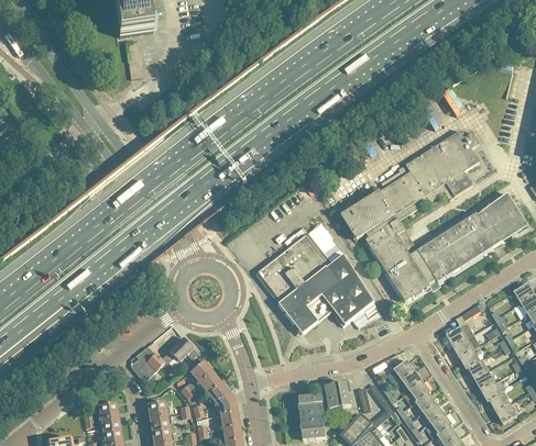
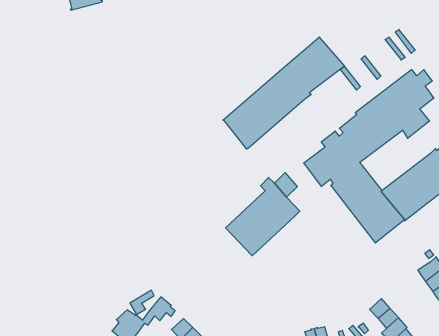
building: none -> [223,37,344,149]
building: [280,254,383,333] -> none

